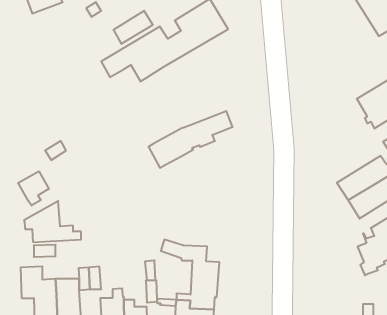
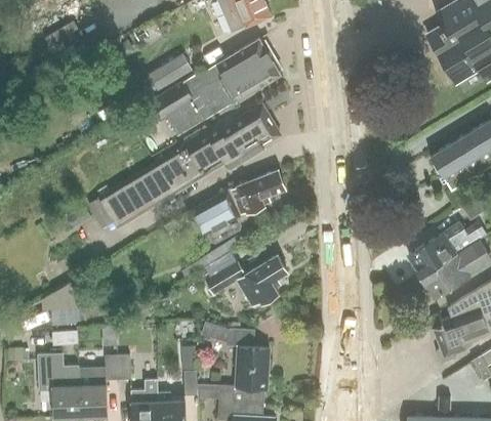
building: none -> [88,110,273,228]
building: [18,171,49,206] -> none
building: none -> [204,252,287,307]

